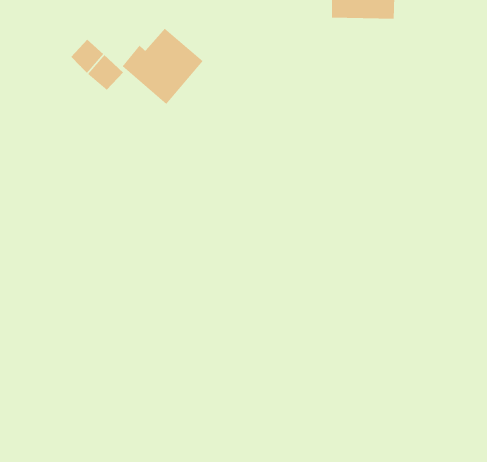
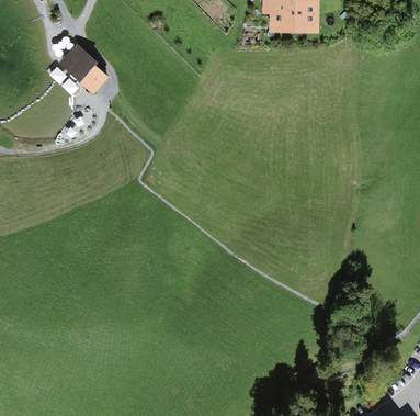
building: [122,28,203,105] -> none

